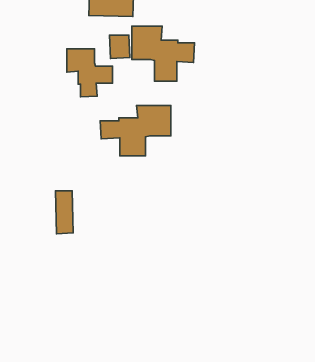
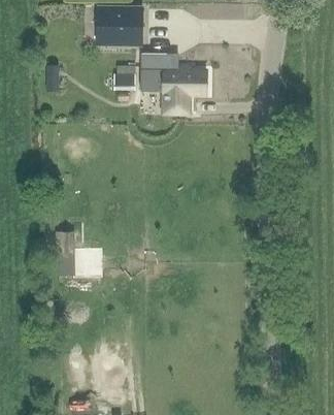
building: [67,49,113,97] -> none
building: [100,105,171,156] -> none

